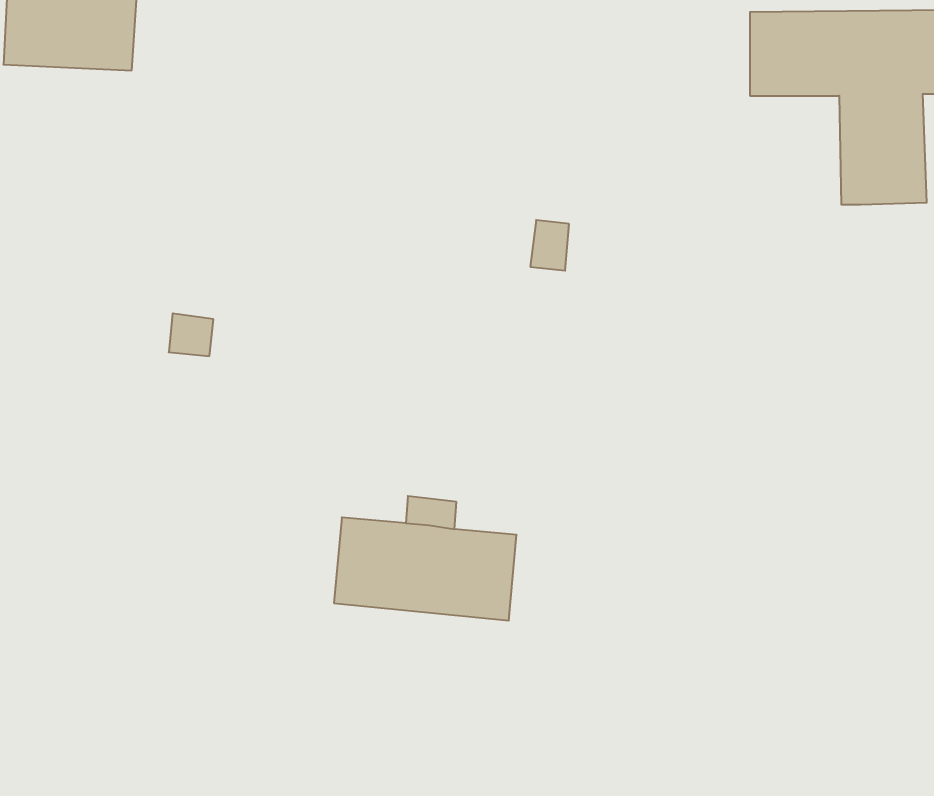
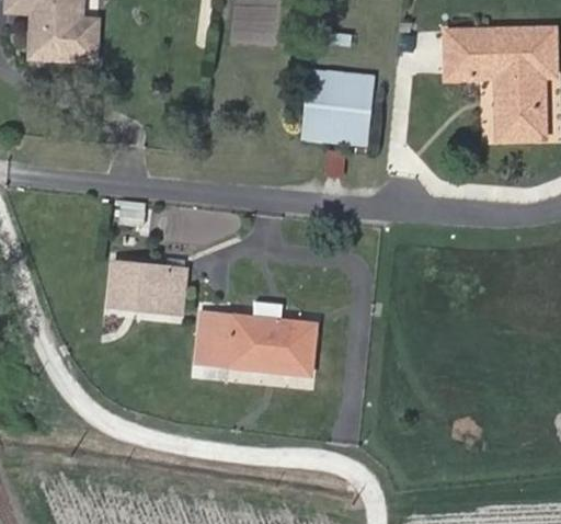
building: none -> [299,67,374,146]
building: none -> [111,263,184,312]

